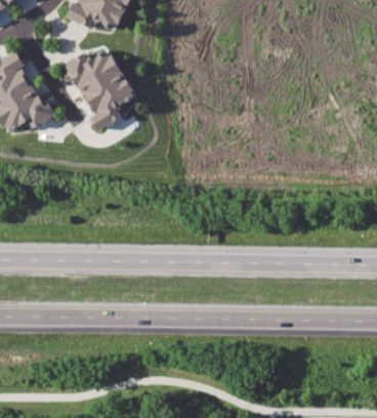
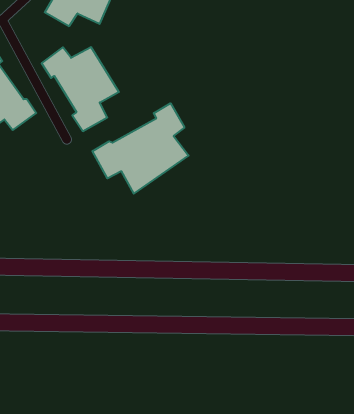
building: none -> [92,103,189,194]

